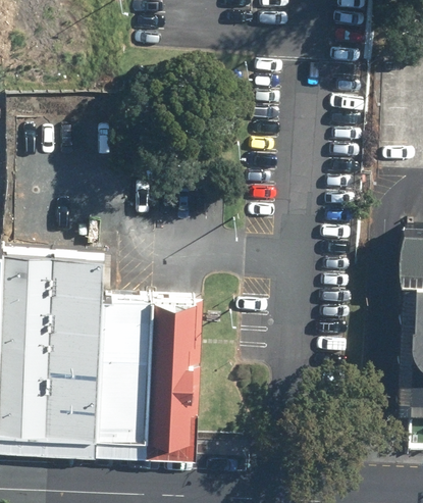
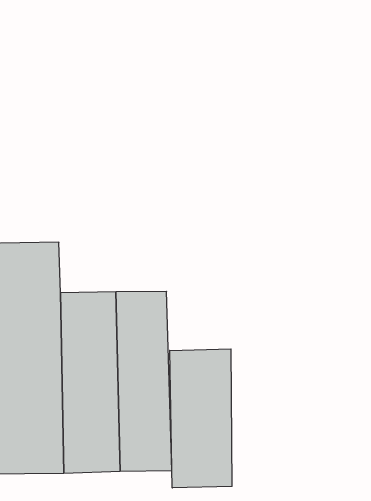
building: none -> [170,349,232,488]

